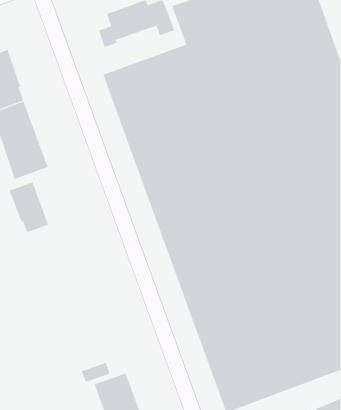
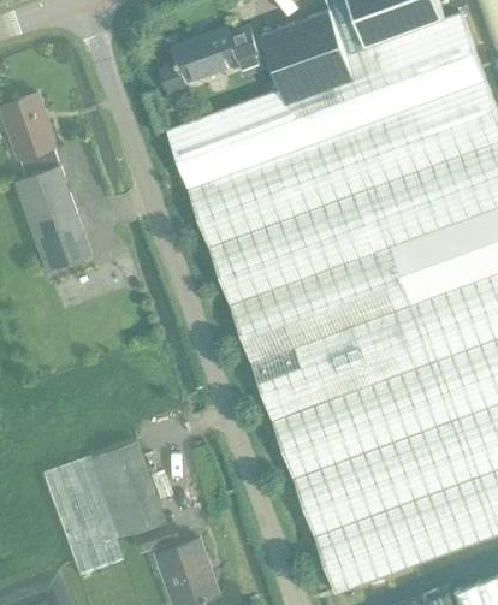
building: [9,181,49,233] -> none
building: none -> [43,440,167,576]

